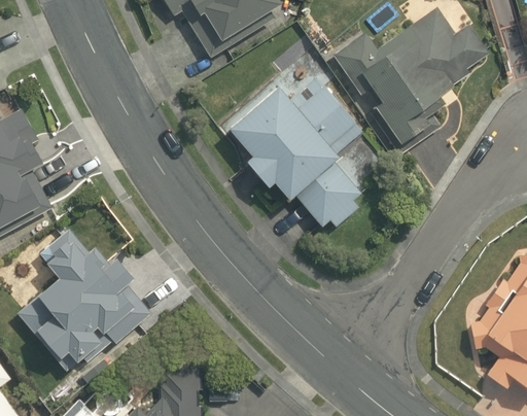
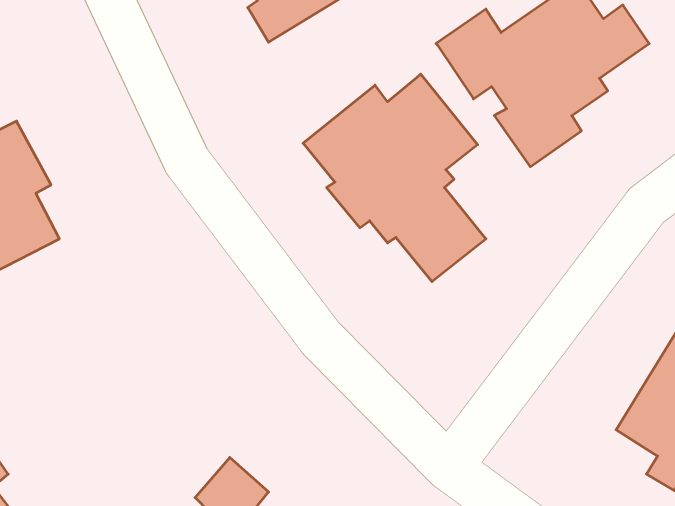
building: [17,229,151,377] -> none

